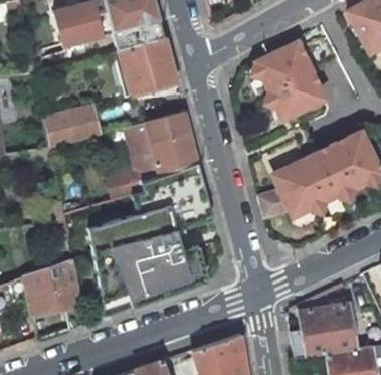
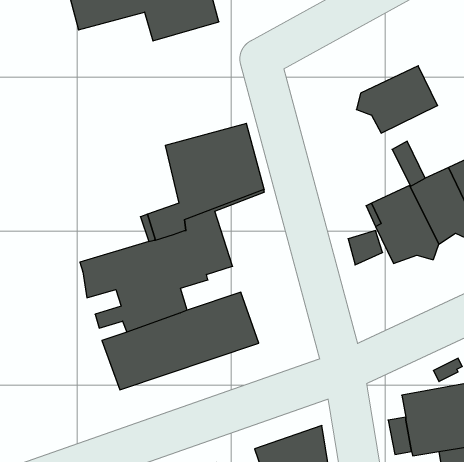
building: [117,38,178,95] -> none
building: [253,42,312,90] -> none
building: [44,105,103,149] -> none
building: [25,259,86,340] -> none

